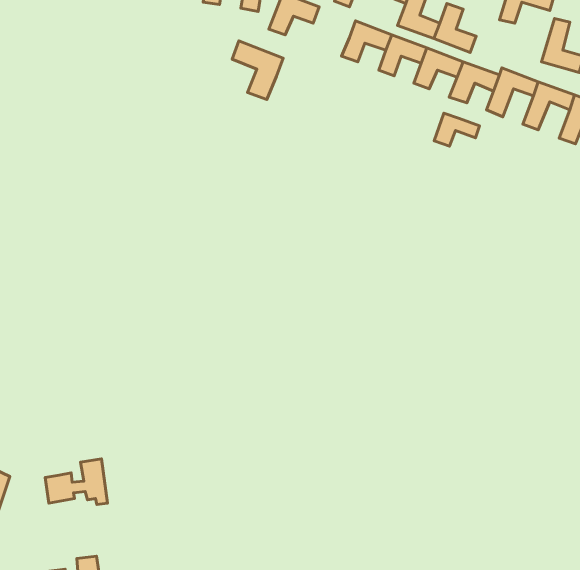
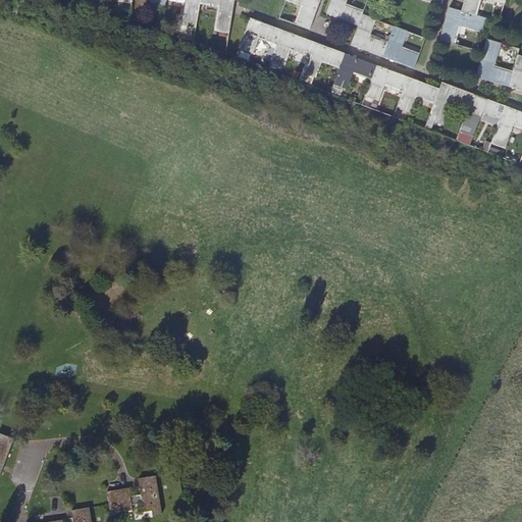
building: none -> [270,29,313,64]
building: [232,41,283,100] -> none
building: [434,113,480,146] -> none
building: [45,459,107,504] -> [106,474,160,514]

